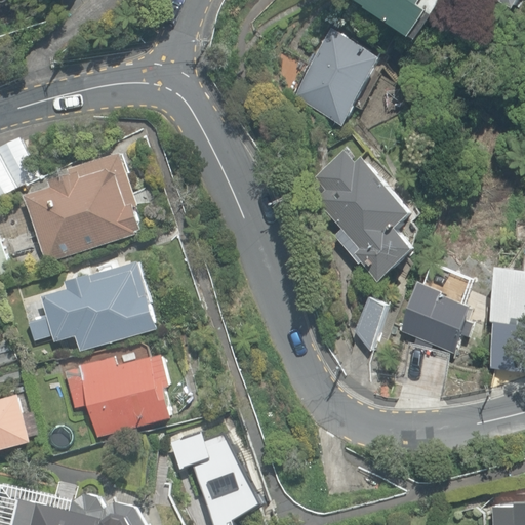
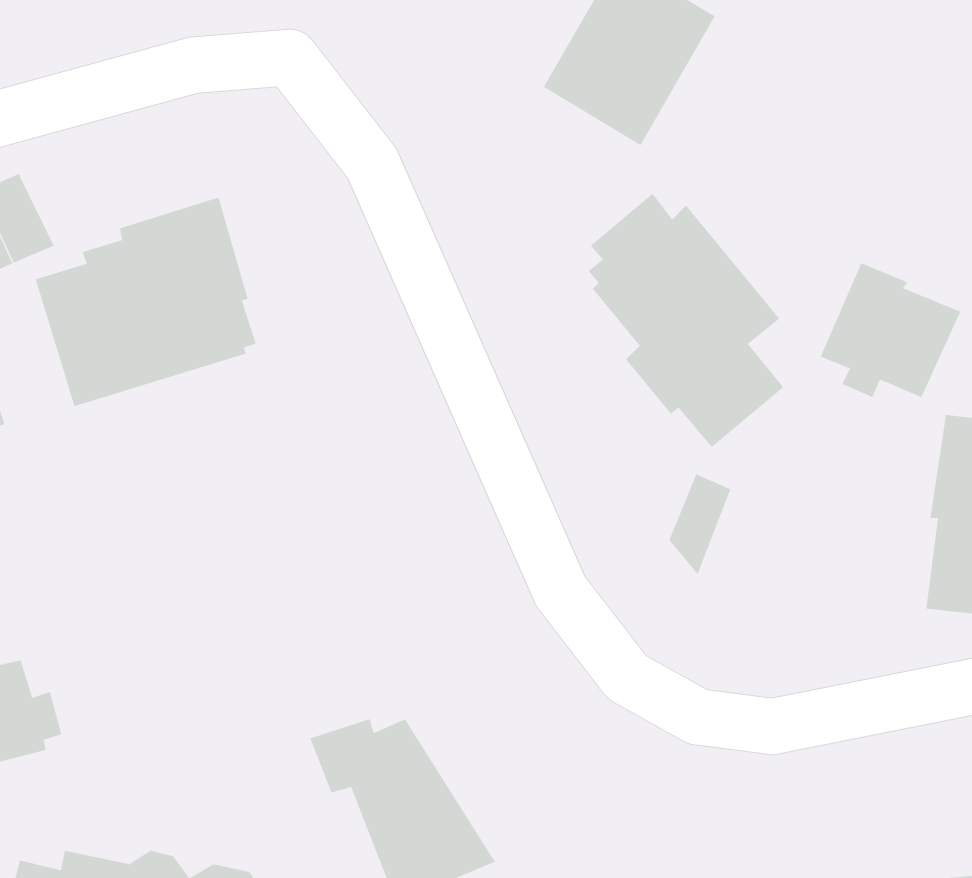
building: [26,259,158,351] -> none
building: [399,281,473,352] -> [820,263,961,398]
building: [63,354,171,436] -> none

